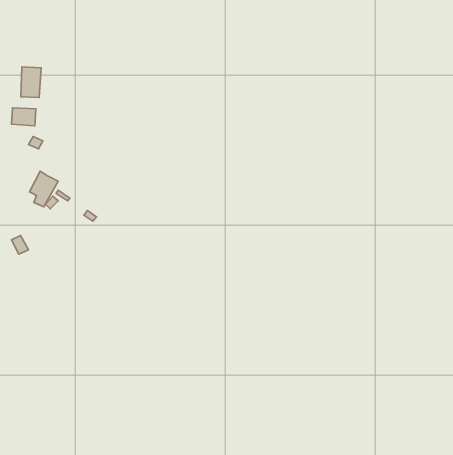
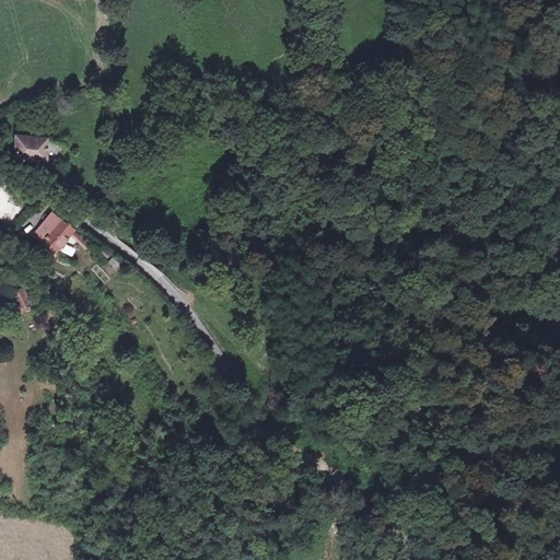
building: [21,67,41,98] -> none

